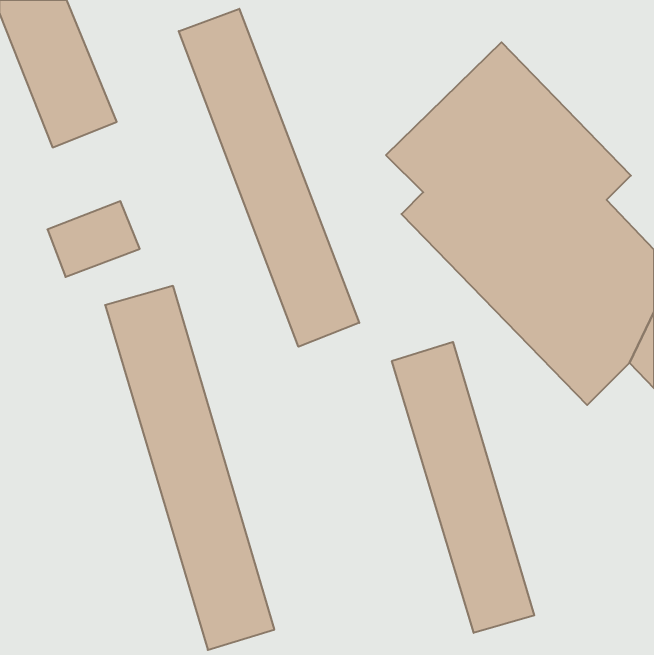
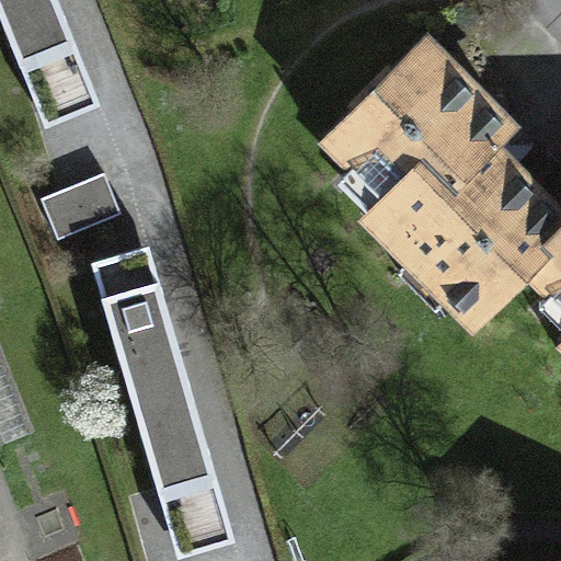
building: [179,9,359,347] -> none
building: [392,342,534,633] -> none

